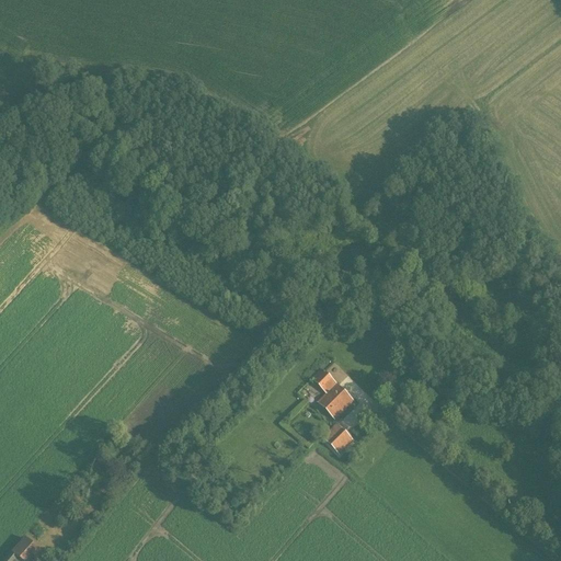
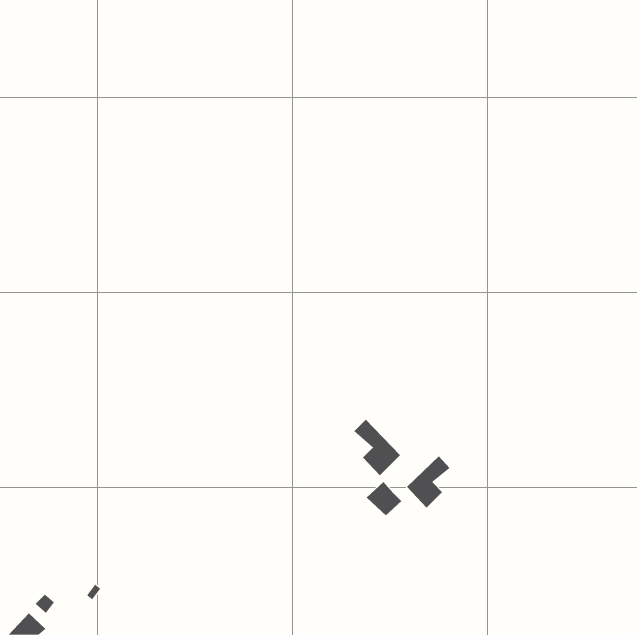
building: none -> [406,456,451,509]

